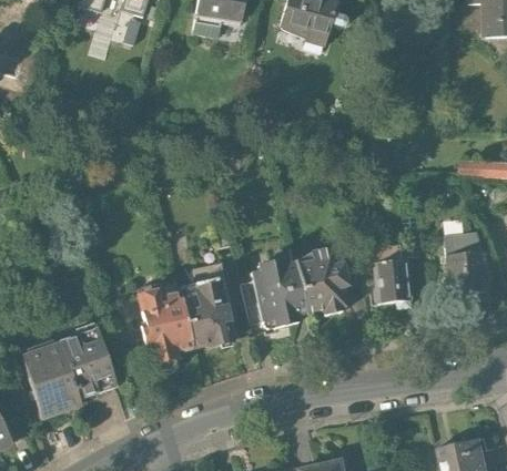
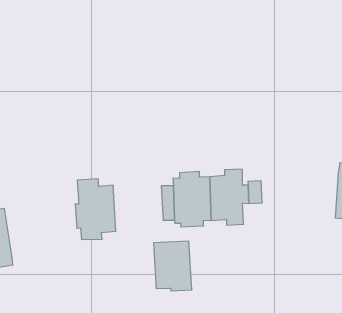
building: [371,260,408,301] -> none
building: [182,284,236,346] -> [154,241,192,291]
building: [59,329,116,398] -> none

